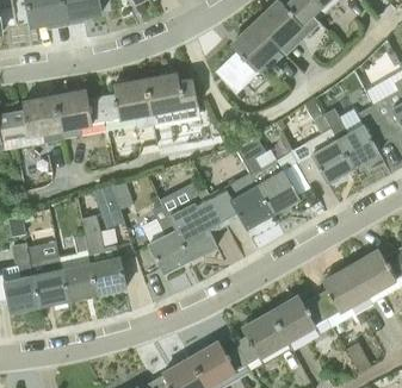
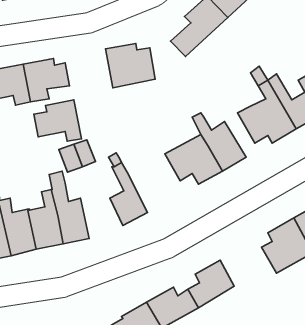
building: [100,80,153,125] -> [34,100,81,141]
building: [168,187,227,259] -> none
building: [271,295,333,340] -> none

